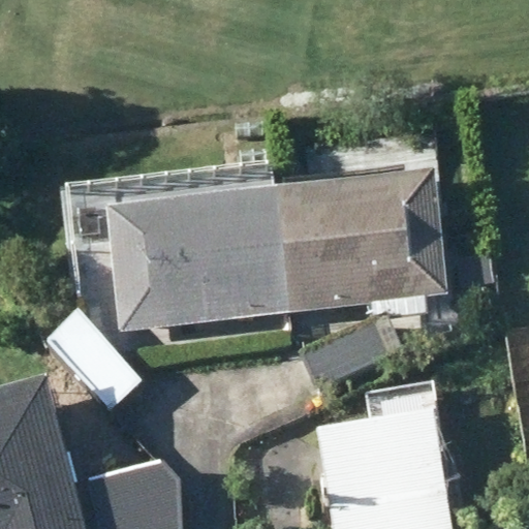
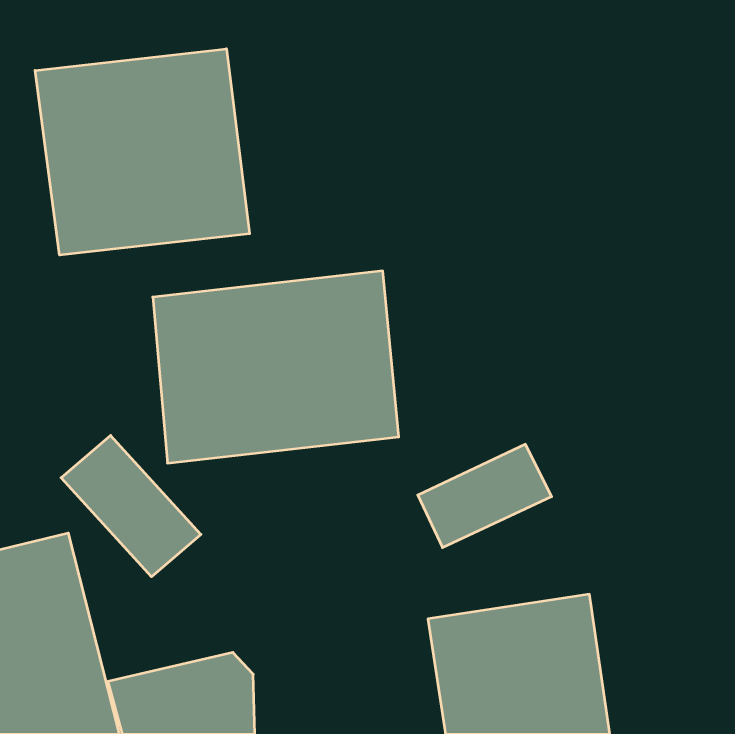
building: none -> [35,49,250,255]
building: [272,174,447,310] -> none

